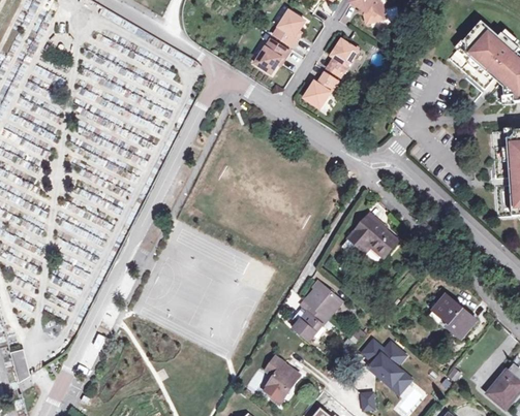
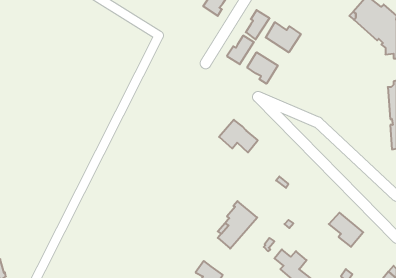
building: [255,39,289,73] -> none
building: none -> [266,22,301,52]
building: none -> [247,52,278,84]
building: [348,216,397,257] -> [219,120,258,152]

